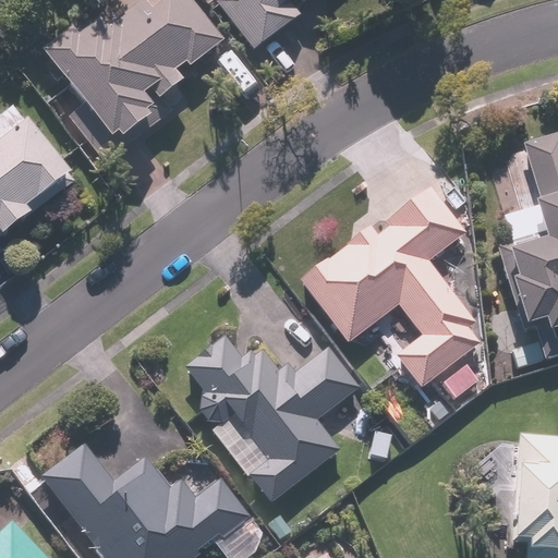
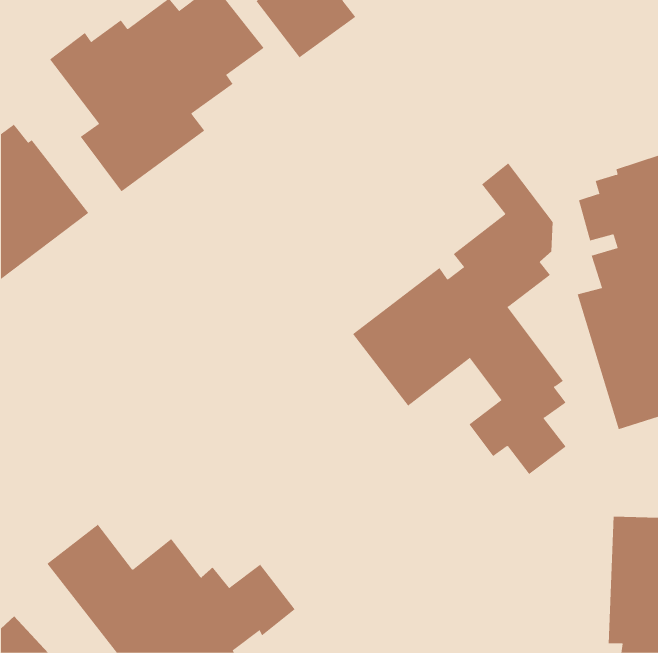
building: [183,328,361,505] -> none

